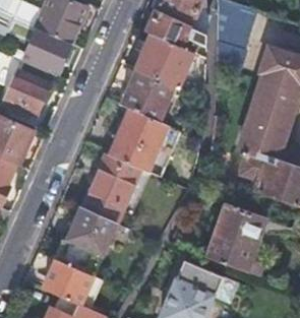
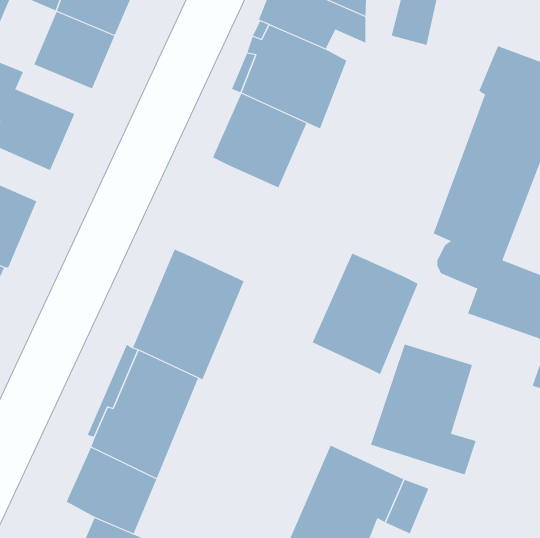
building: [108,109,165,174] -> [312,253,418,375]

